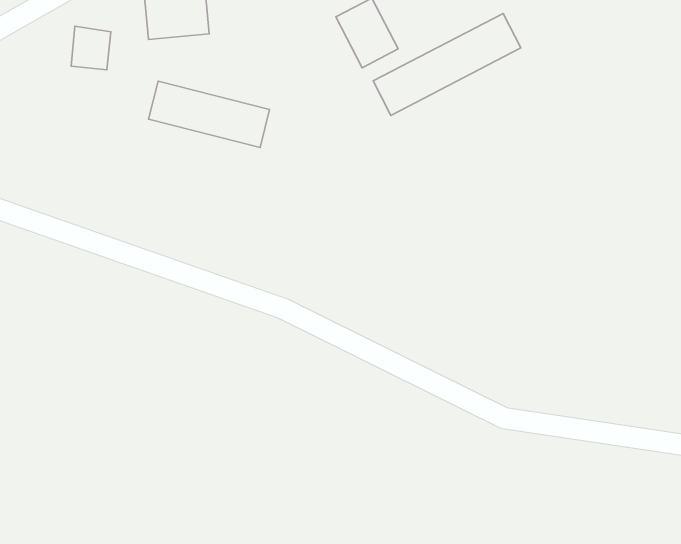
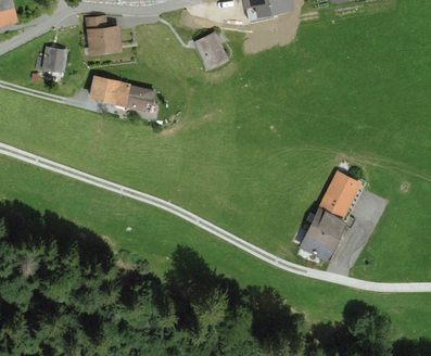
building: [373,13,521,115] -> none
building: none -> [299,174,357,259]

